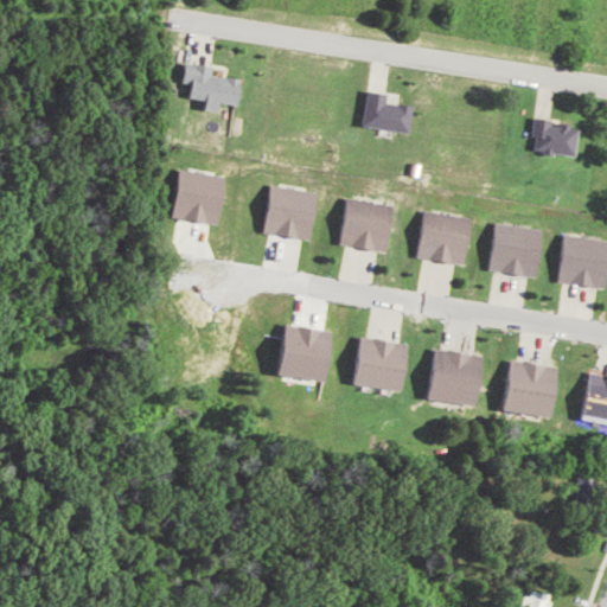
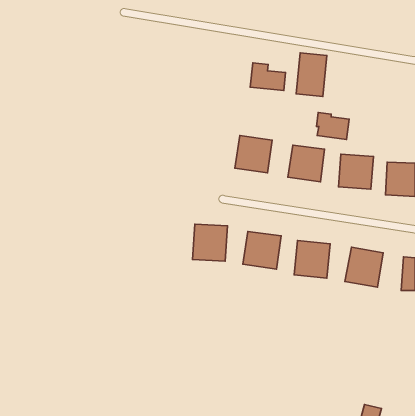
building: [184,64,244,111] -> none
building: none -> [296,53,327,97]
building: [533,119,581,158] -> [316,113,349,140]
building: [173,171,226,225] -> none
building: [264,185,320,241] -> none

